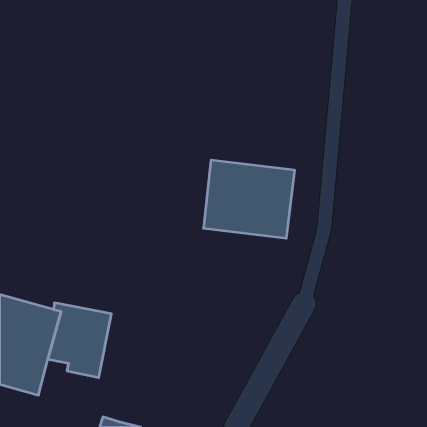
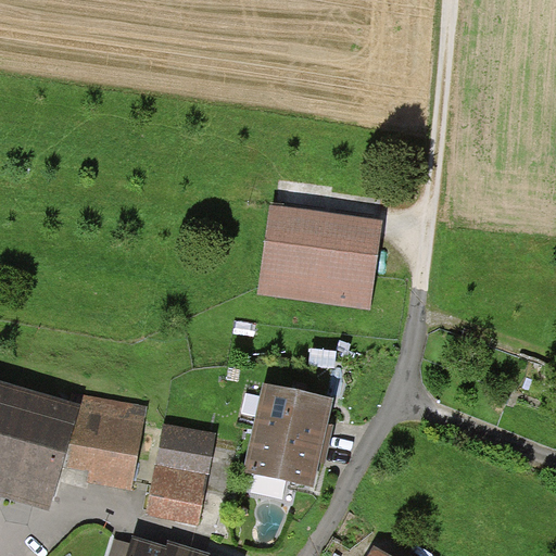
building: none -> [243,381,336,486]
building: none -> [146,425,213,526]

